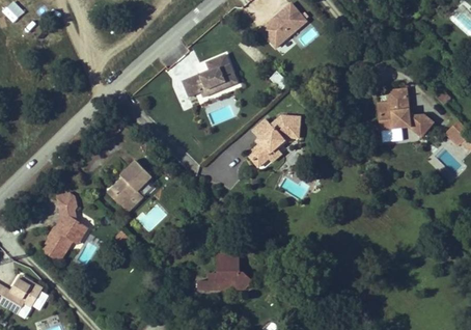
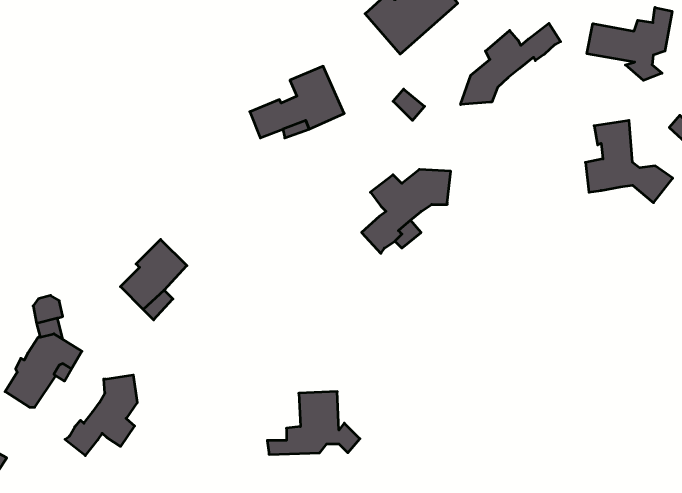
building: none -> [587,7,672,80]
building: none -> [461,23,561,105]
building: none -> [65,375,137,456]

